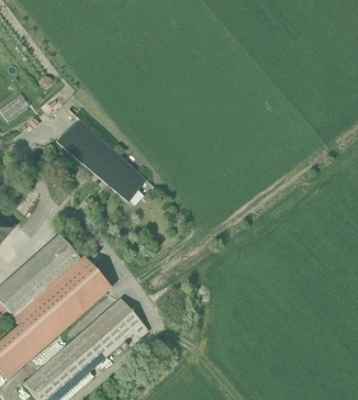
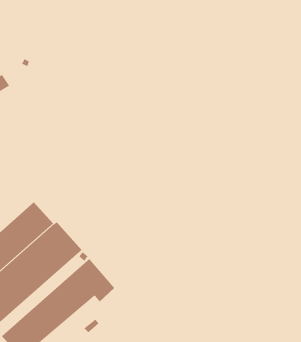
building: [54,119,145,203] -> none

